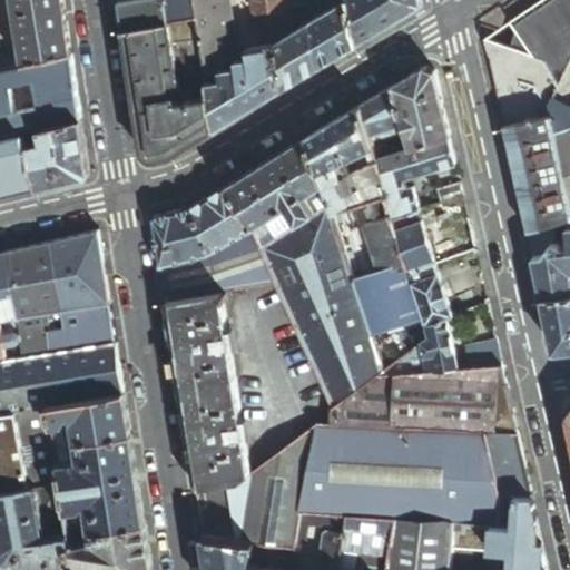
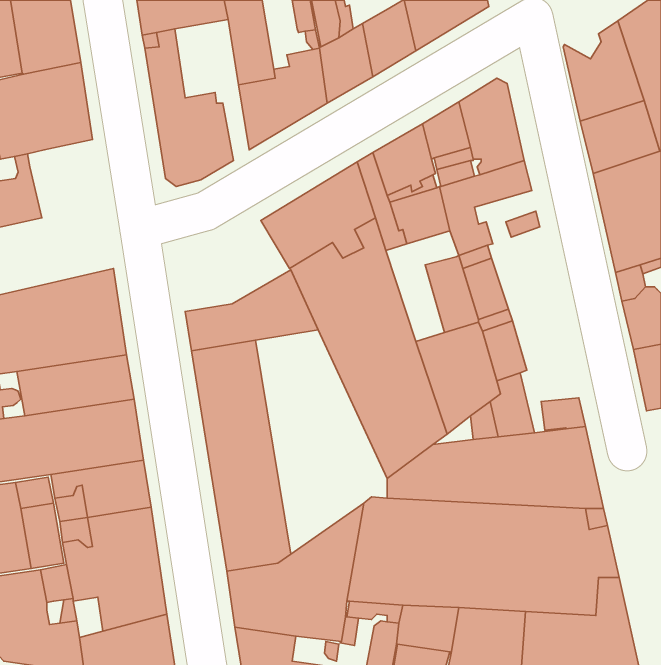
building: [149,18,213,138] -> none
building: [26,120,88,187] -> none
building: [150,189,248,267] -> none

